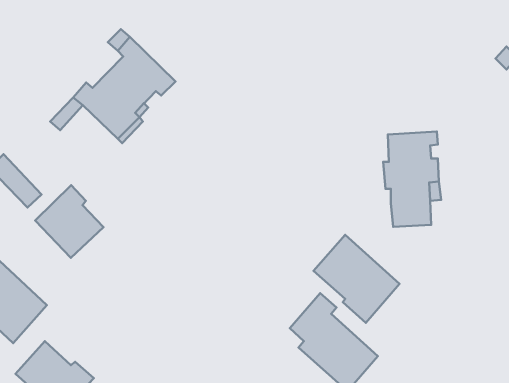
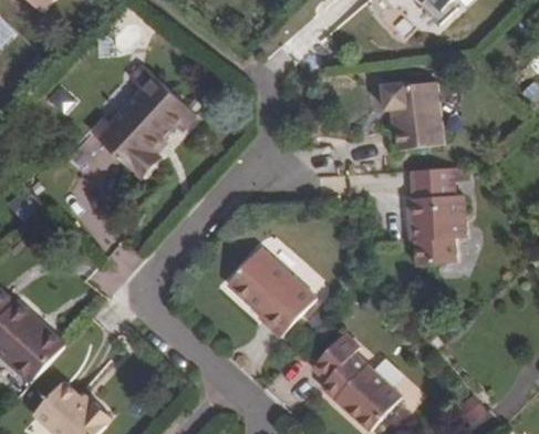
building: none -> [382,81,442,148]
building: [35,185,104,258] -> none
building: [314,235,400,323] -> [227,247,314,337]

